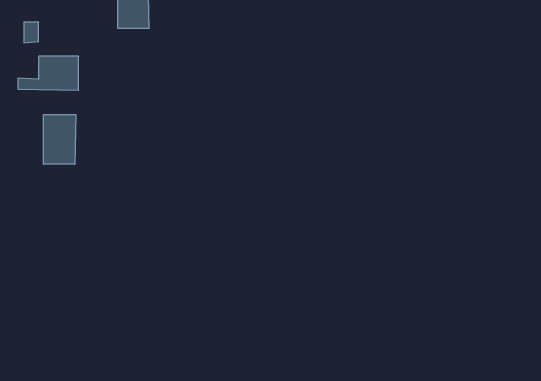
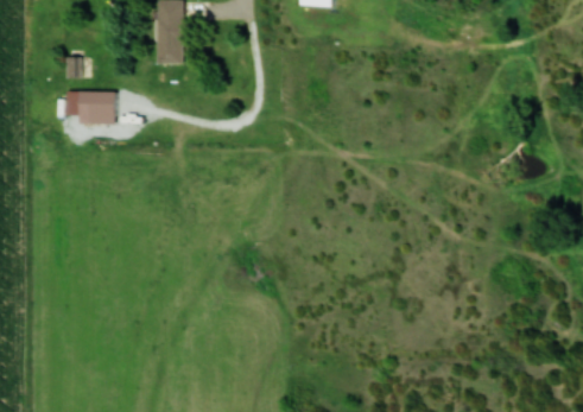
building: [43,115,76,164] -> none

